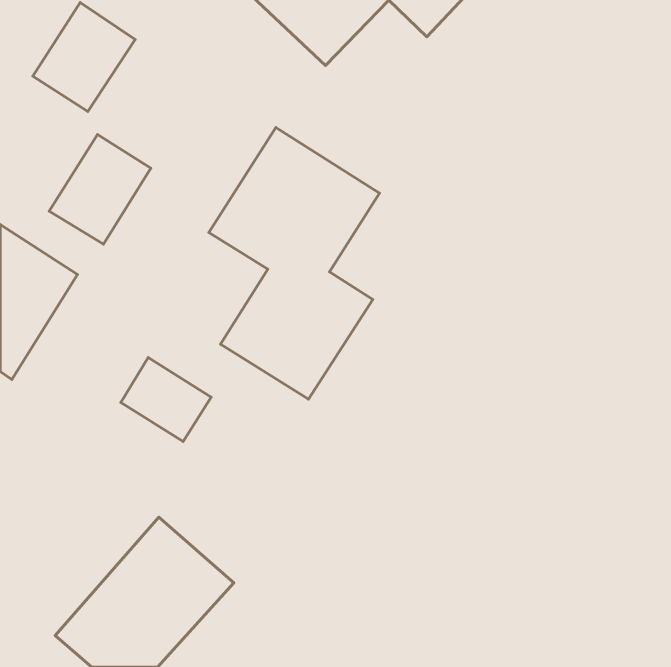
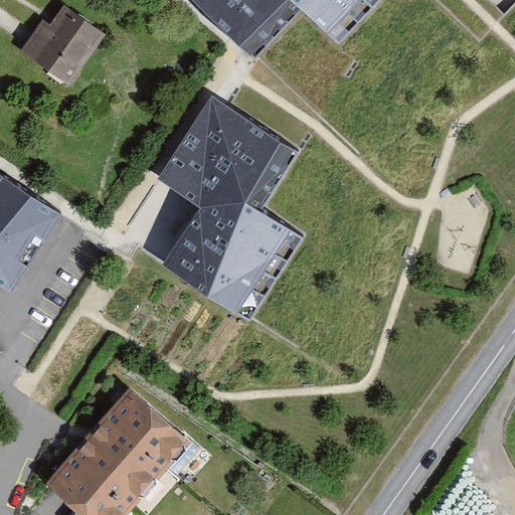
building: [49,135,151,244] -> none
building: [121,357,211,441] -> none

